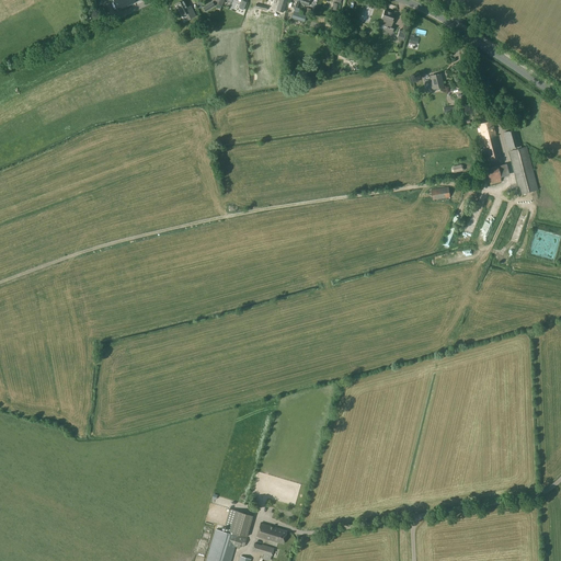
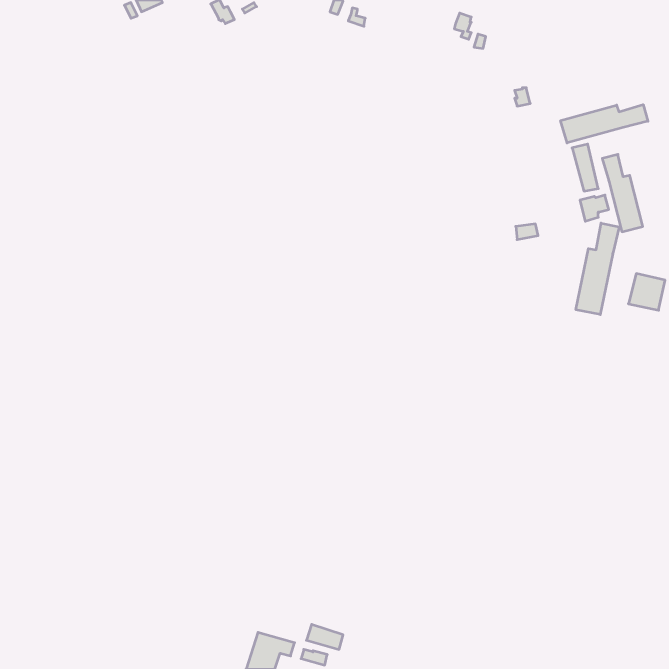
building: none -> [561,105,648,143]
building: none -> [576,223,619,315]
building: [226,508,253,537] -> none

